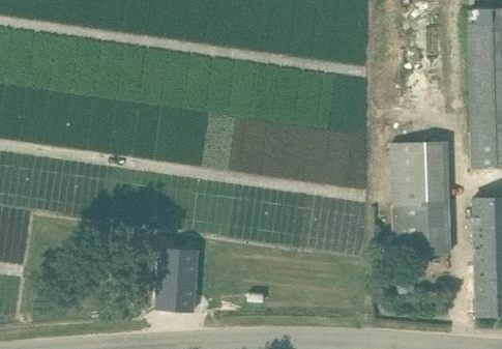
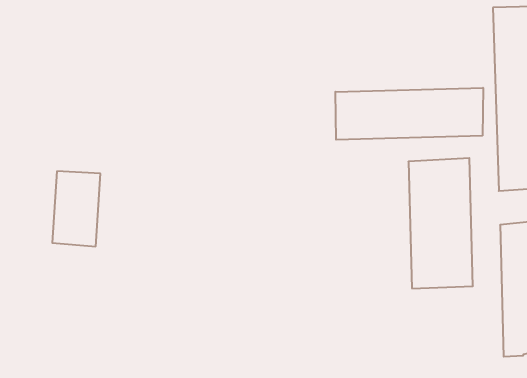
building: none -> [335,88,483,140]
building: [154,246,197,313] -> [52,171,100,246]

